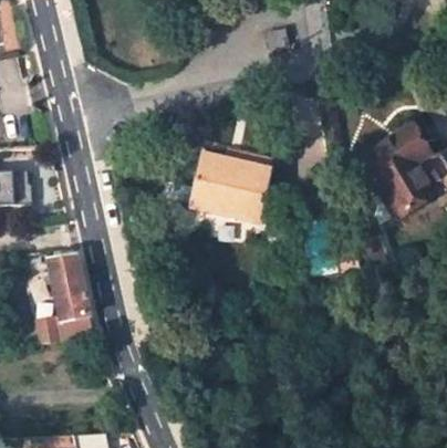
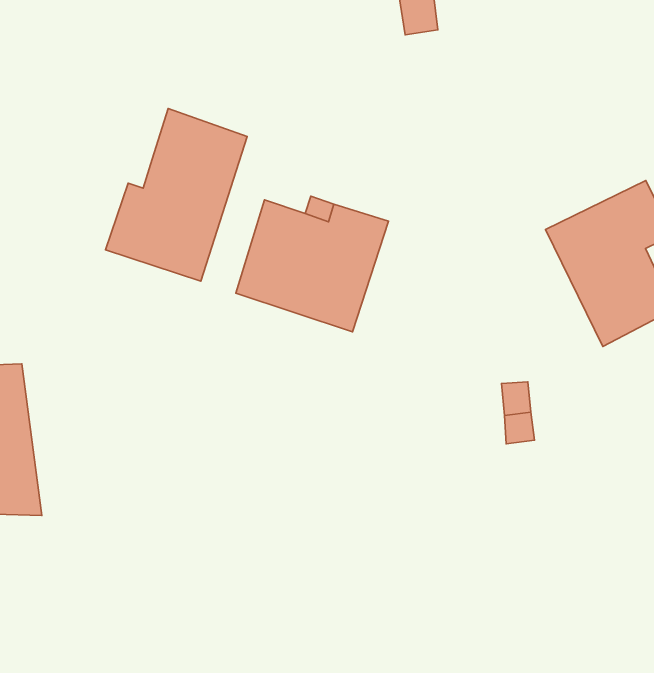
building: none -> [106,108,247,281]

